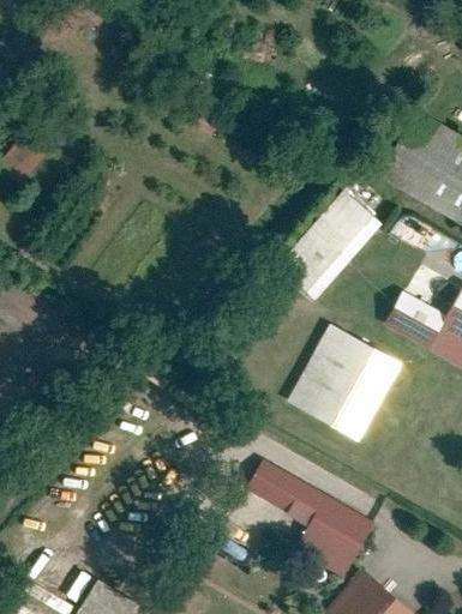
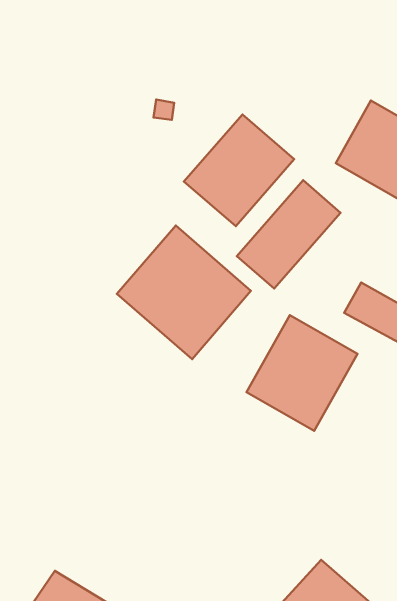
building: none -> [184,115,294,226]
building: none -> [117,225,251,359]
building: [251,458,376,576] -> none

